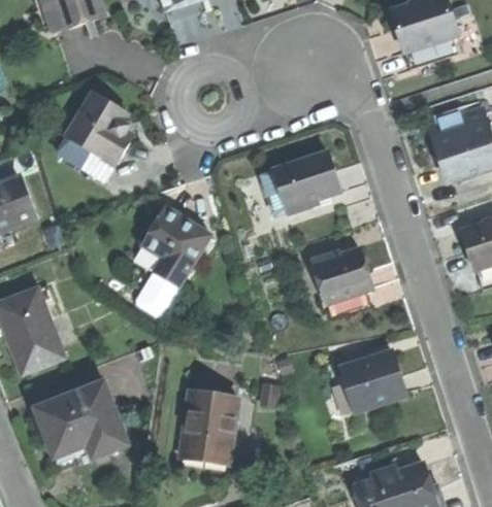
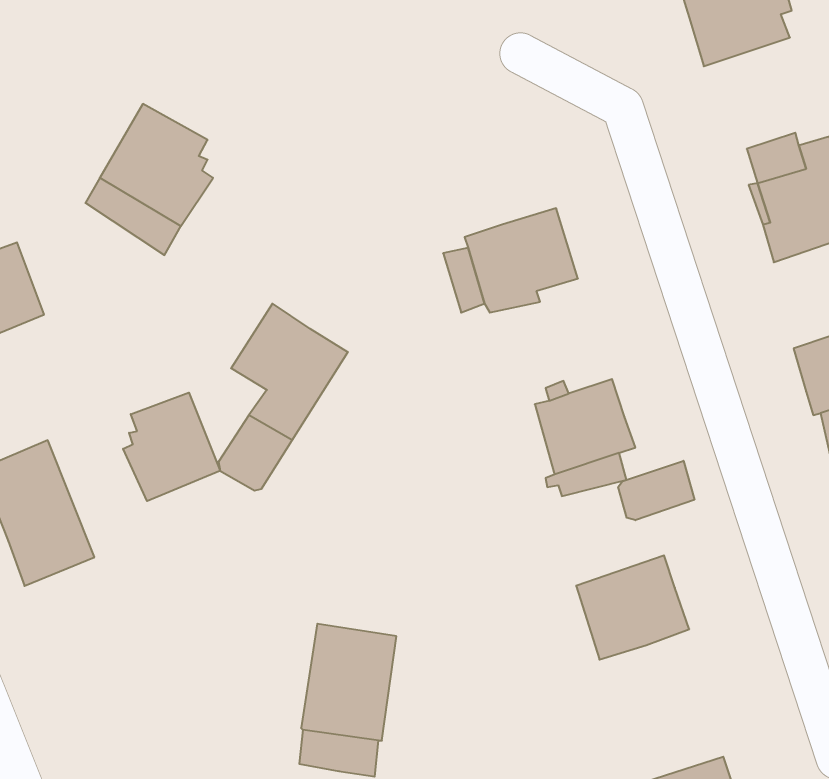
building: none -> [123,393,220,501]
building: none -> [618,461,694,520]
building: [35,378,126,465] -> none

